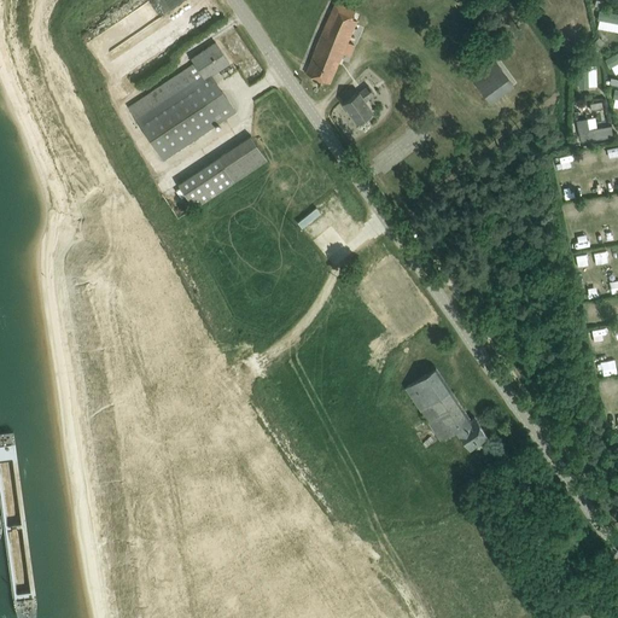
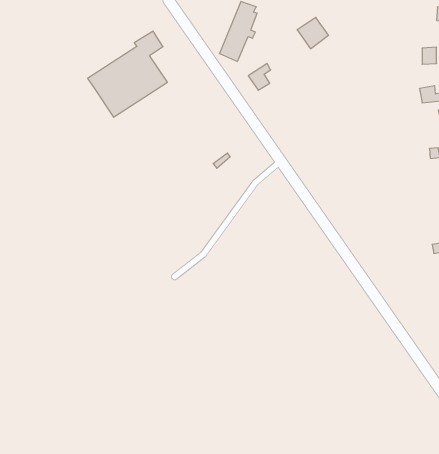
building: [470,60,512,103] -> [297,17,329,49]
building: [179,136,267,209] -> none
building: [406,368,489,450] -> none

